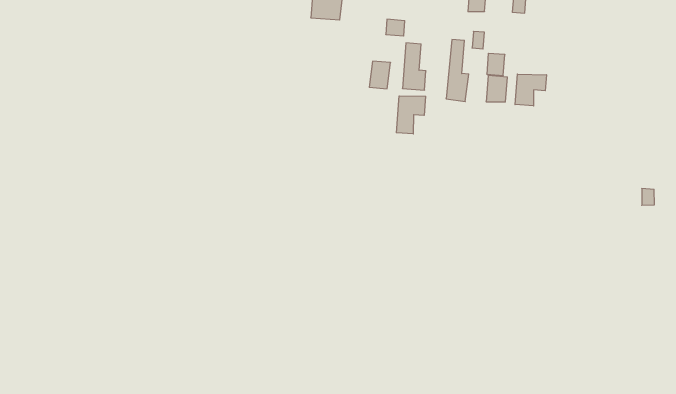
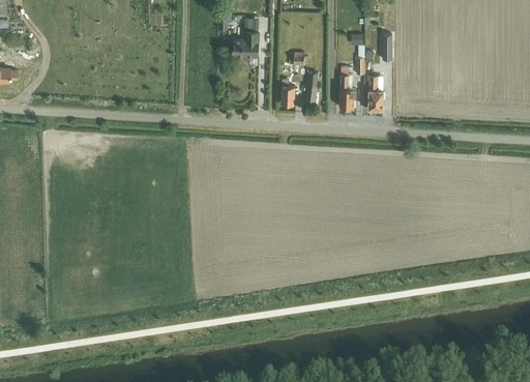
building: [515,74,546,106] -> none
building: [396,96,426,134] -> none

